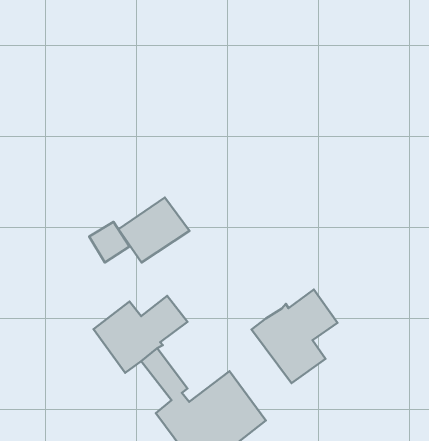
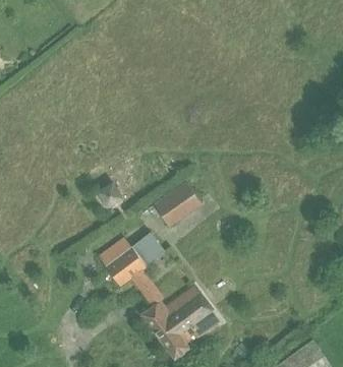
building: [118,197,189,263] -> [152,181,202,227]
building: [251,289,338,383] -> none

